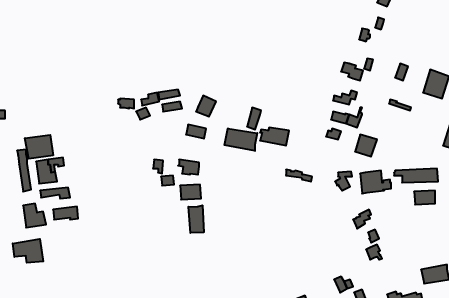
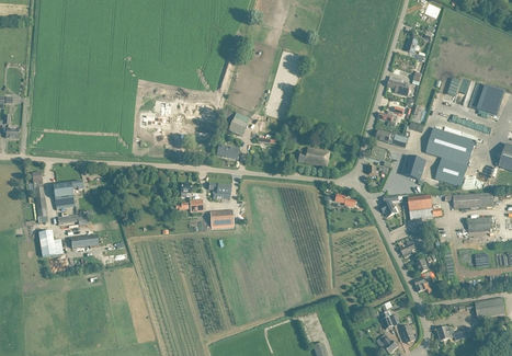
building: none -> [425,127,476,186]
building: [224,128,257,151] -> none
building: [25,135,53,159] -> none
building: [188,205,204,233] -> none
building: [13,239,43,263] -> none

